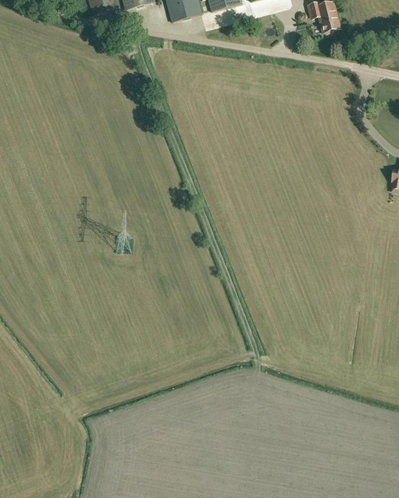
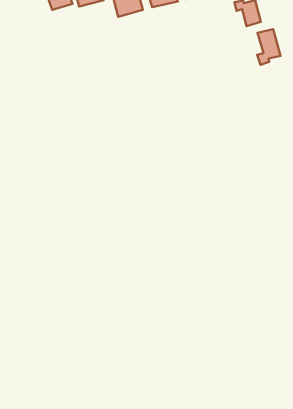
building: none -> [257,29,280,65]

